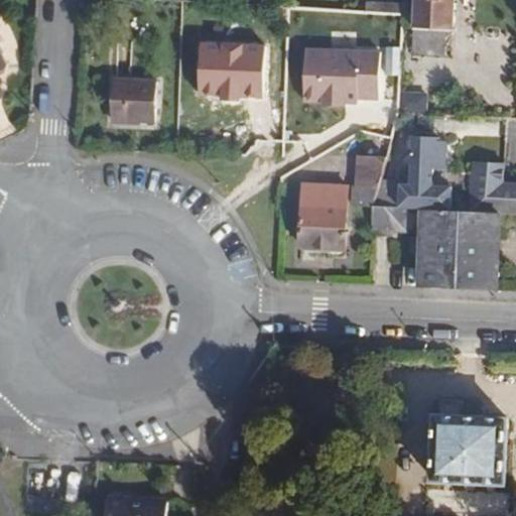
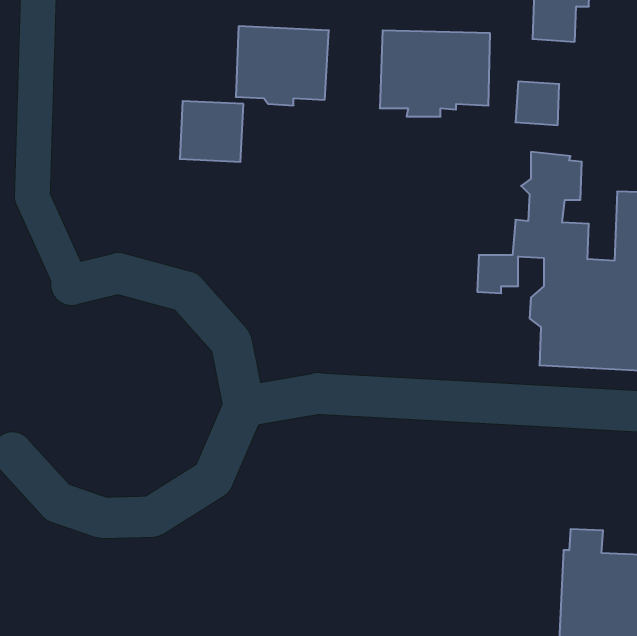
building: [109,79,154,122] -> [180,101,243,162]
building: [351,154,384,205] -> none
building: [298,181,346,246] -> none

